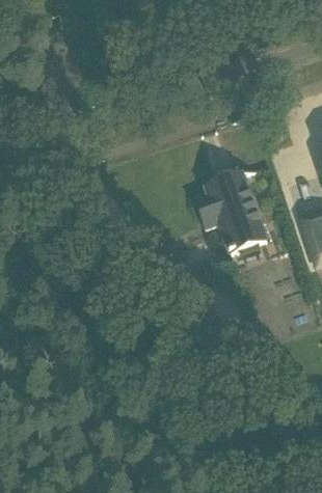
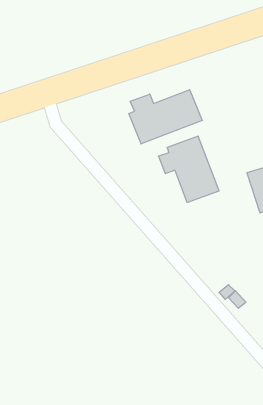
building: none -> [129,90,202,144]

